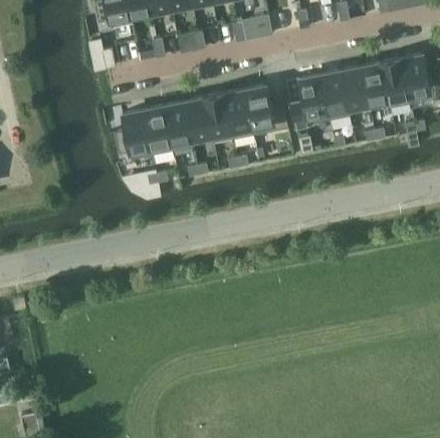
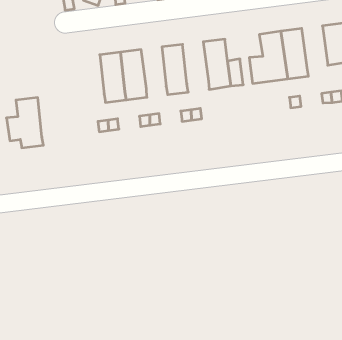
building: [340,66,368,108] -> none
building: [224,90,253,141] -> none
building: [184,98,211,141] -> none
building: [115,111,153,161] -> [6,98,43,148]

